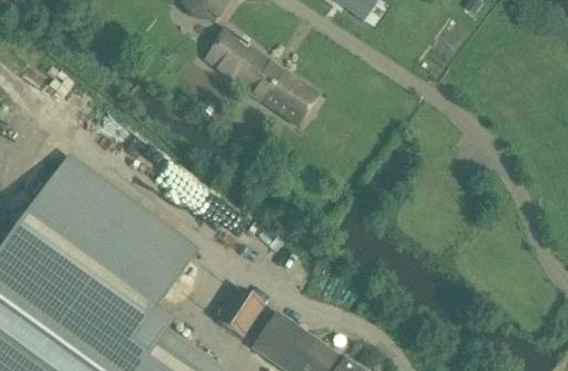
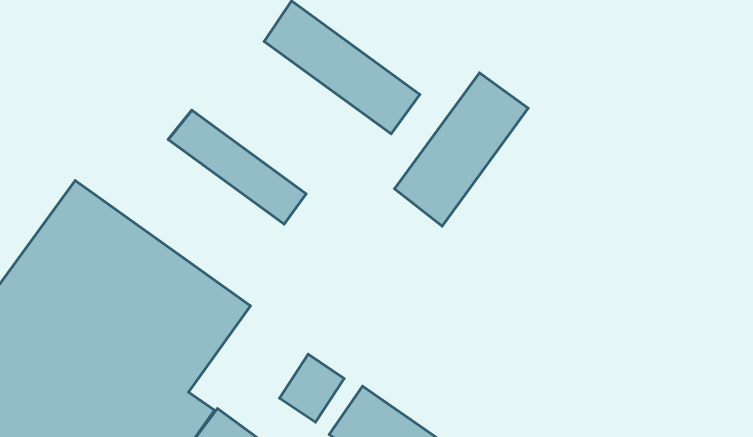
building: none -> [394,73,528,226]
building: none -> [168,110,306,224]

